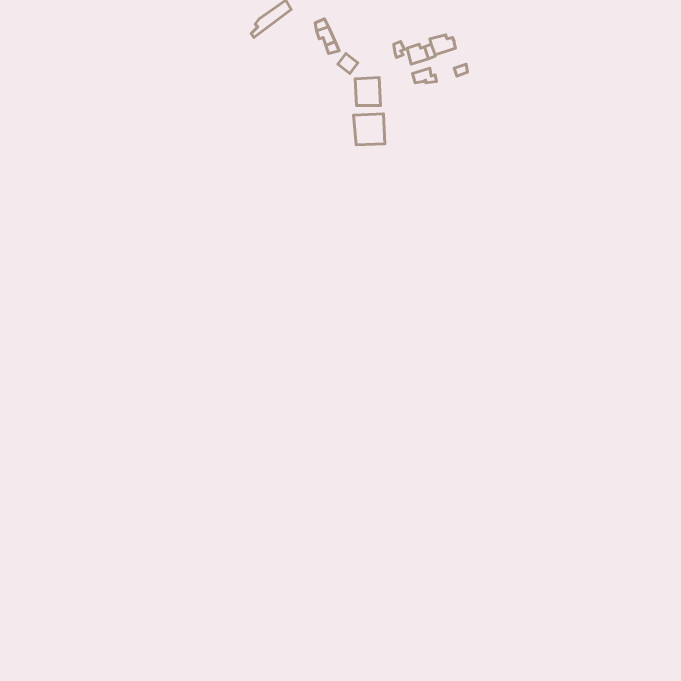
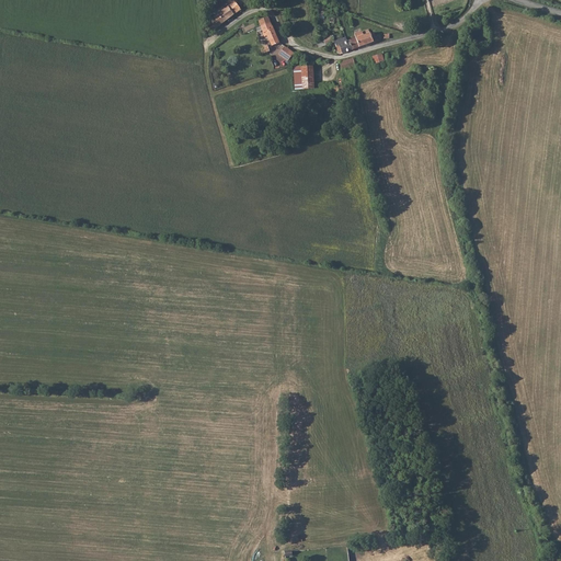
building: [354,114,385,145] -> none

